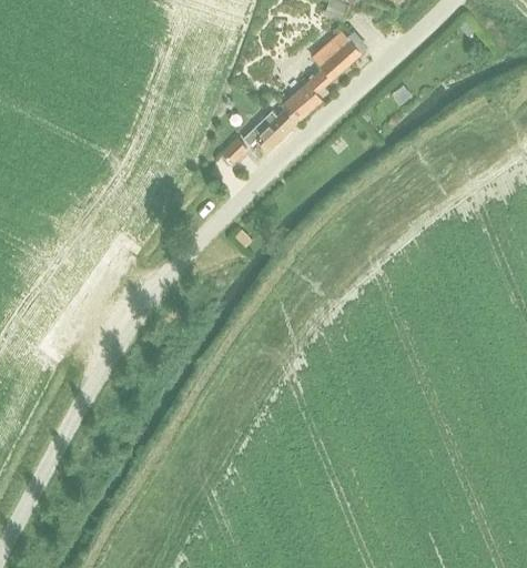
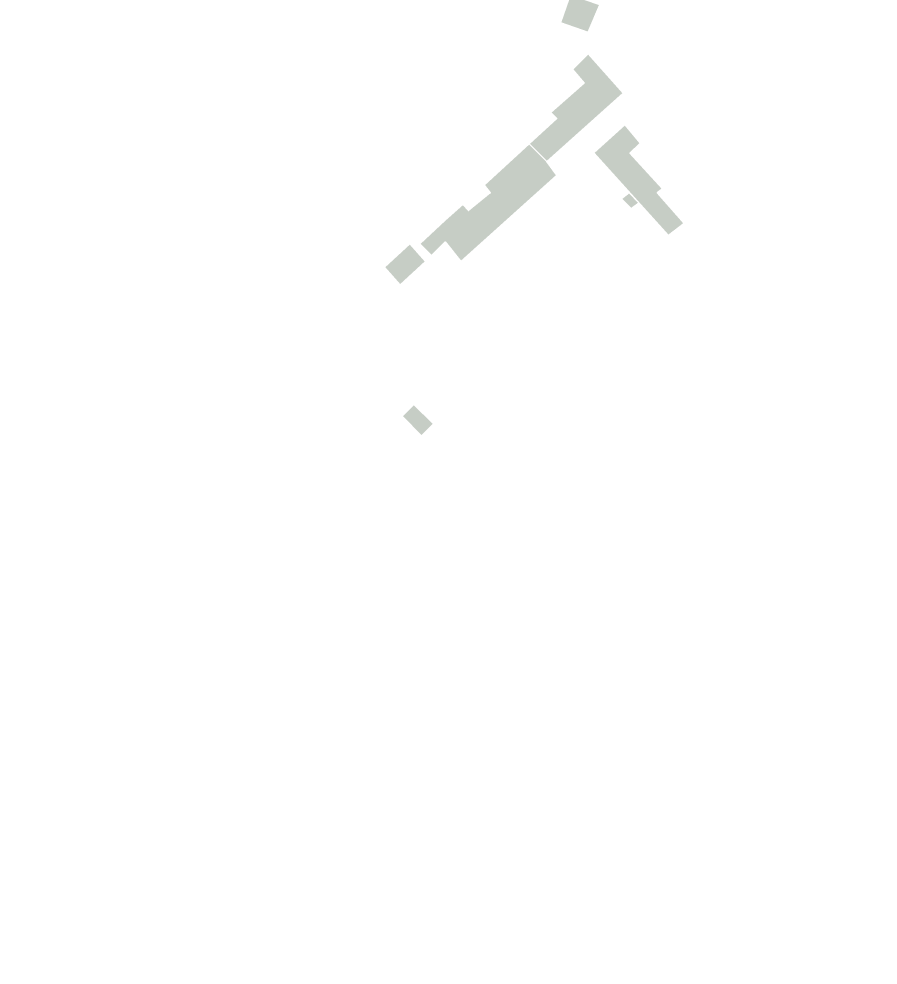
building: none -> [594,125,684,235]

